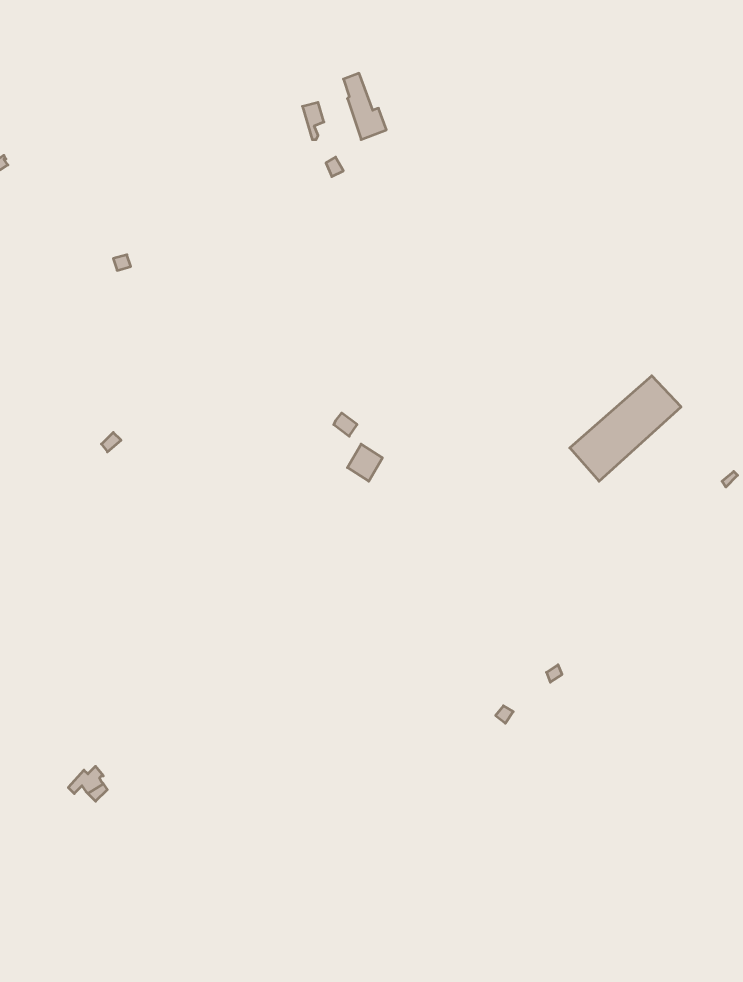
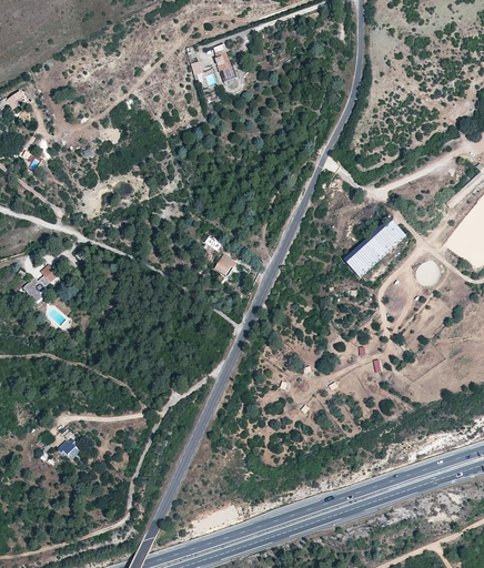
building: none -> [24,265,59,302]

